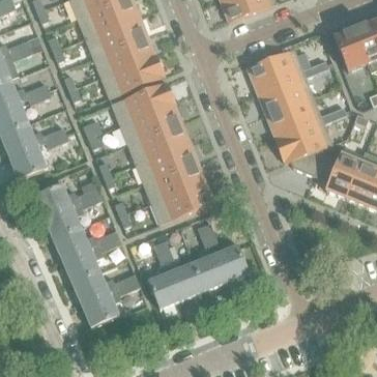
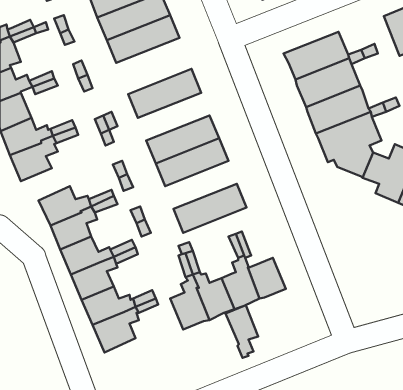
building: [102,55,165,97] -> none
building: [120,103,182,144] -> none
building: [144,162,206,203] -> none
building: none -> [226,305,258,358]

